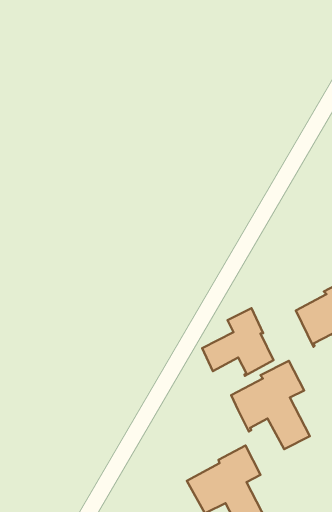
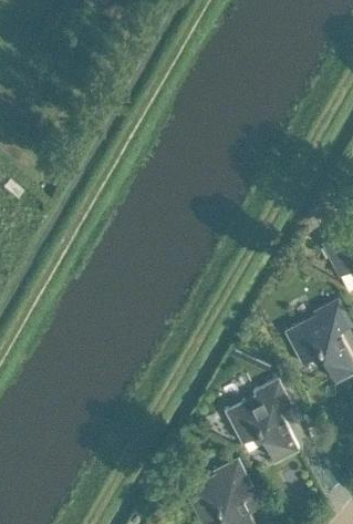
building: [202,308,274,376] -> none

